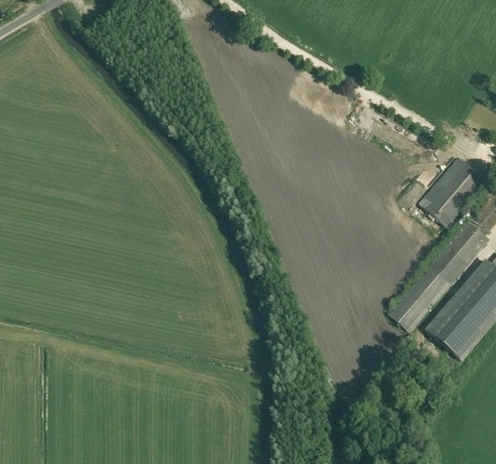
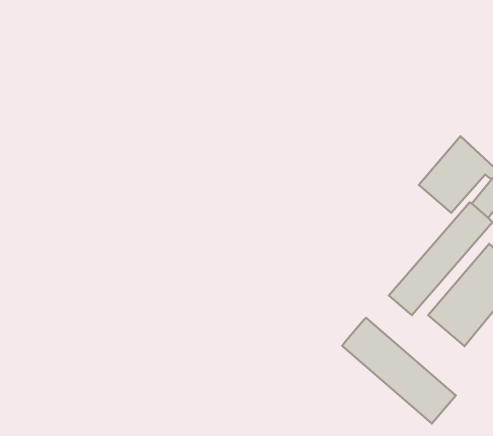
building: none -> [342,318,456,423]

